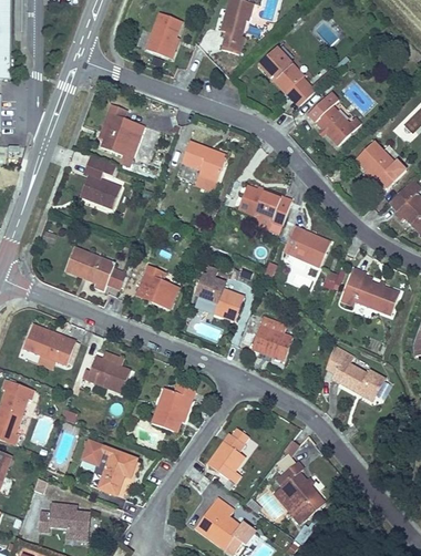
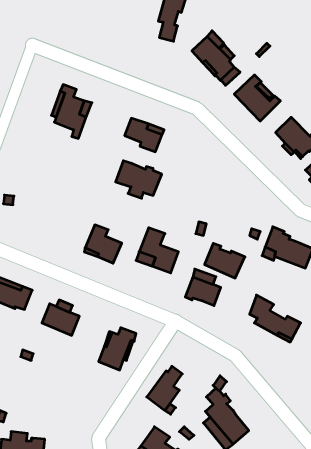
building: [145,12,182,59] -> none
building: [81,156,120,208] -> none
building: [238,185,291,228] -> [116,161,162,198]
building: [284,226,330,266] -> [205,243,245,278]
building: [65,247,125,290] -> none
building: [82,441,136,494] -> none

